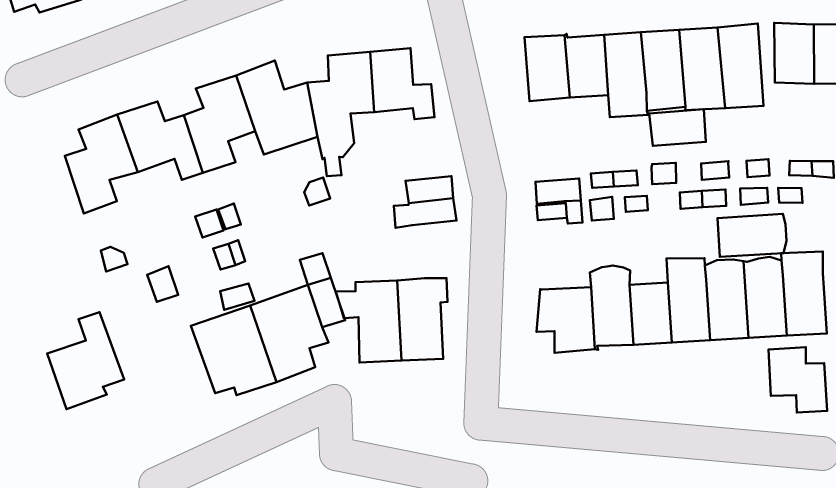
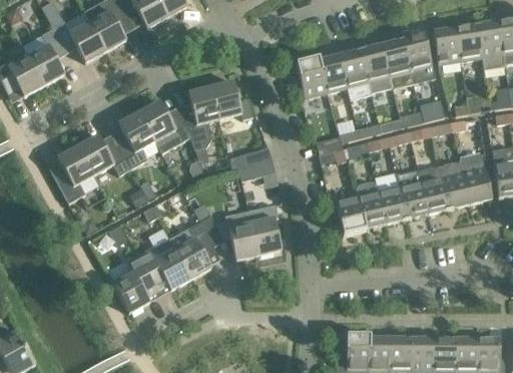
building: [649,109,706,146] -> none
building: [717,214,787,257] -> none
building: [47,312,124,409] -> [113,256,158,313]
building: [769,347,827,413] -> none

